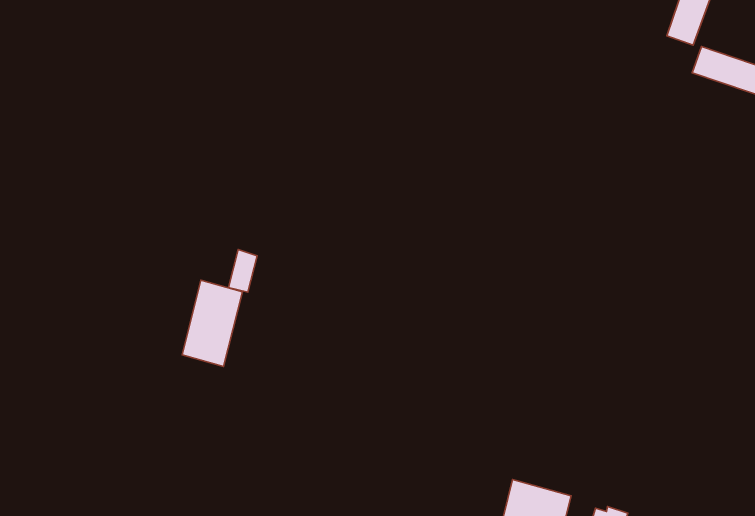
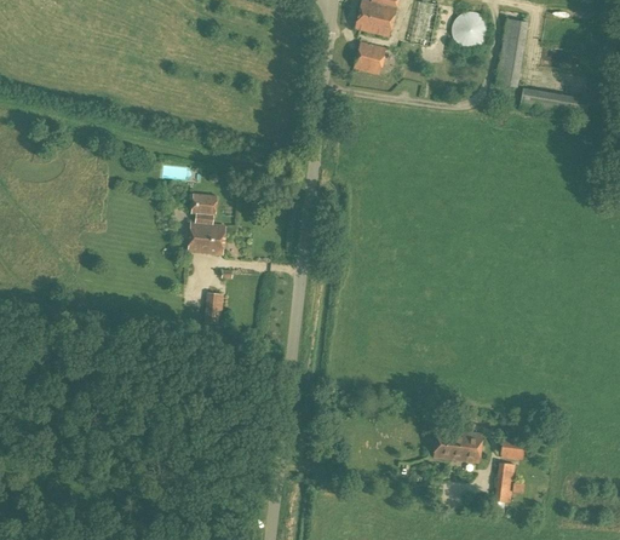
building: none -> [188,194,225,254]
building: [182,280,242,366] -> none

